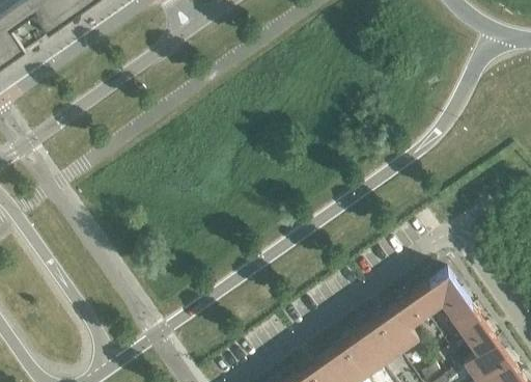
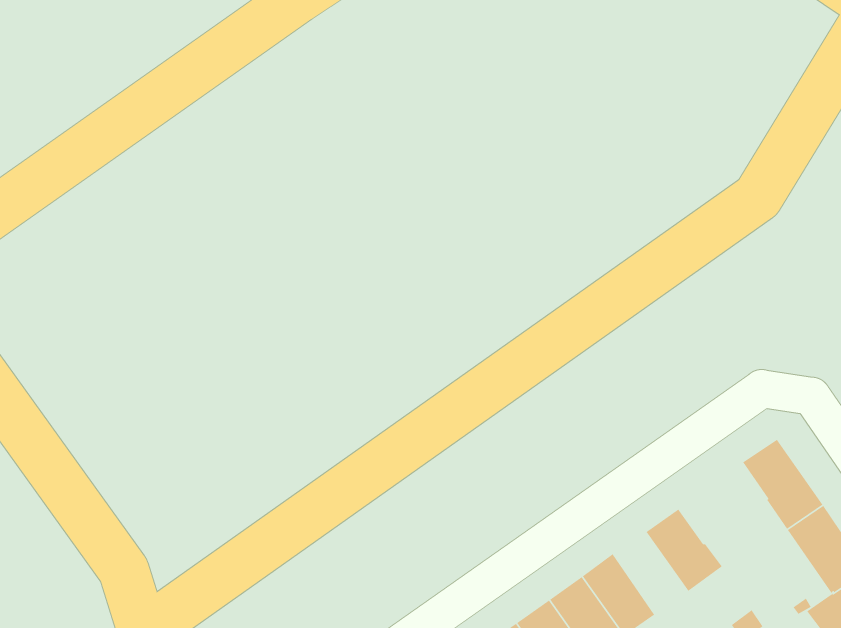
building: [392,284,440,328] -> none
building: [357,322,397,366] -> none

